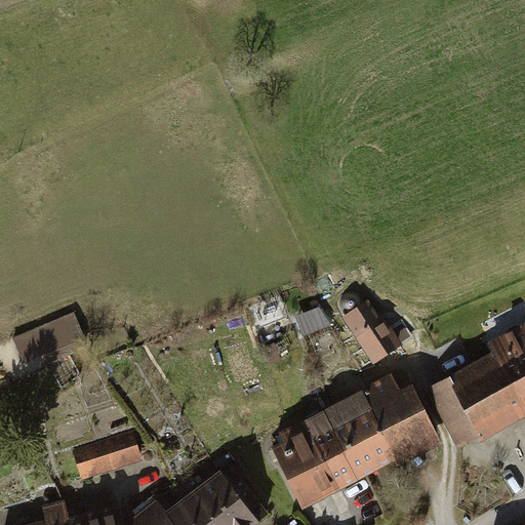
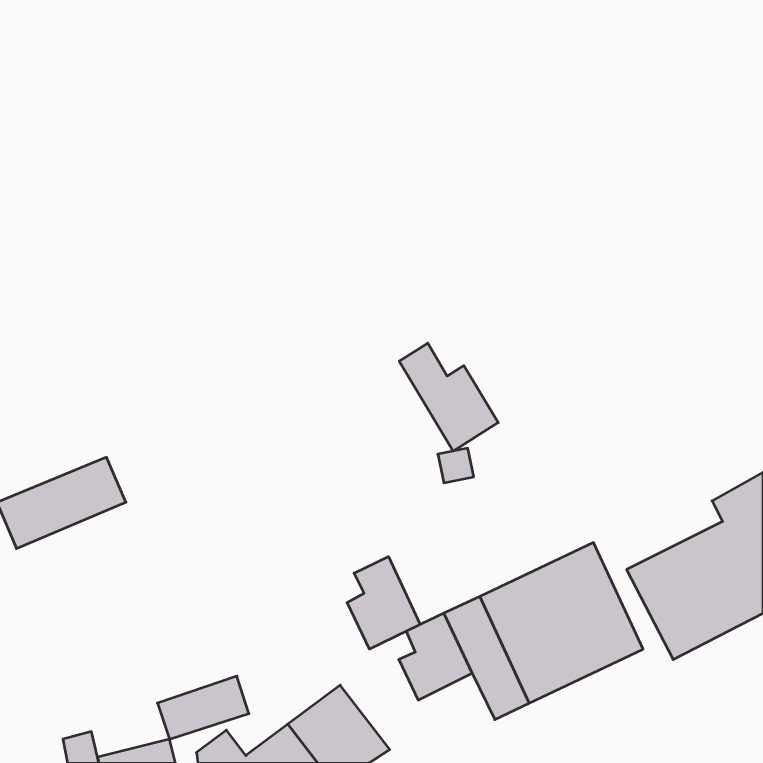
building: [337,291,405,365] -> [399,343,498,451]
building: none -> [347,557,420,649]
building: [75,432,137,475] -> [157,676,249,739]
building: [286,460,338,510] -> none

